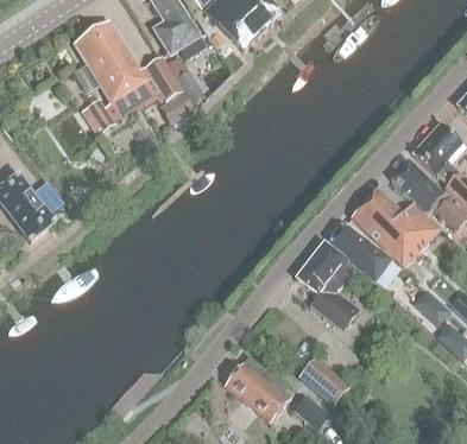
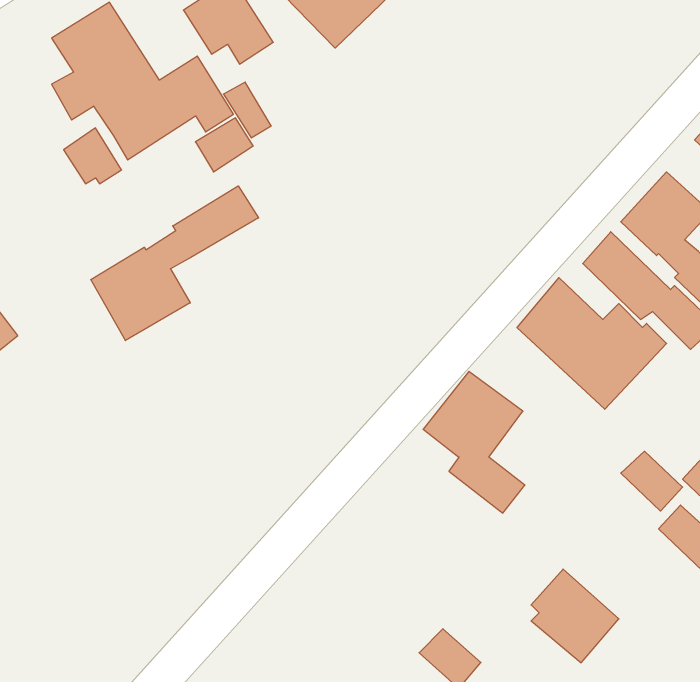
building: none -> [91,186,259,341]
building: [327,222,391,280] -> none
building: [223,355,294,421] -> none
building: [297,355,349,411] -> [531,569,619,663]

